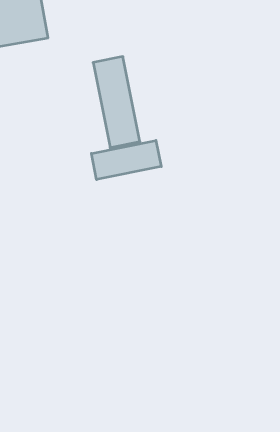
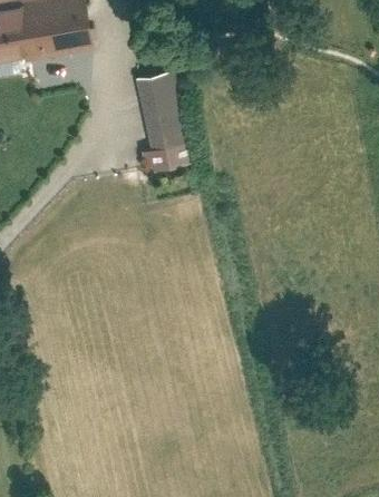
building: [91,140,161,180] -> none

